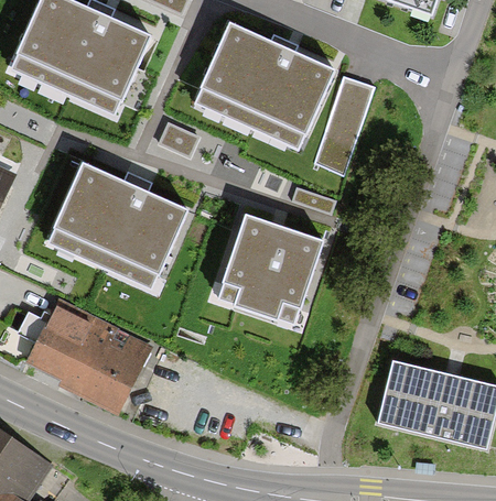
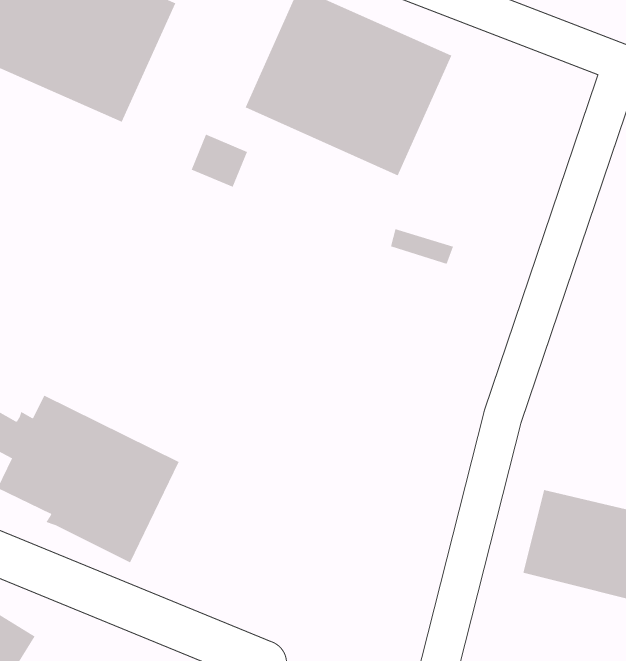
building: [314,78,374,172] -> none
building: [47,163,184,287] -> none
building: [219,216,323,323] -> none

